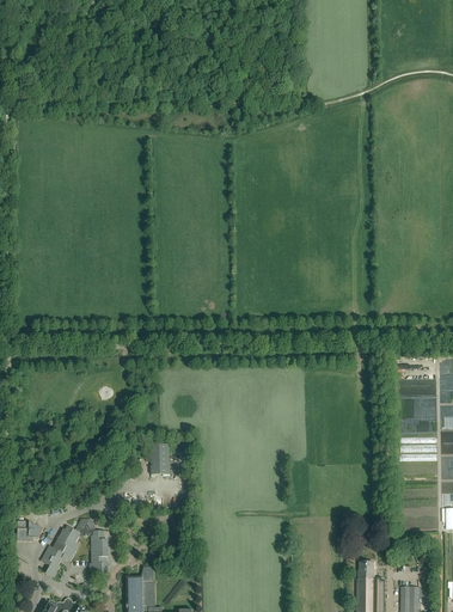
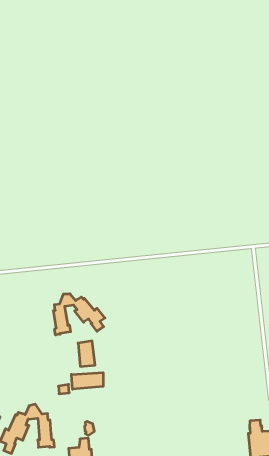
building: none -> [53,294,105,335]
building: none -> [71,373,103,389]

